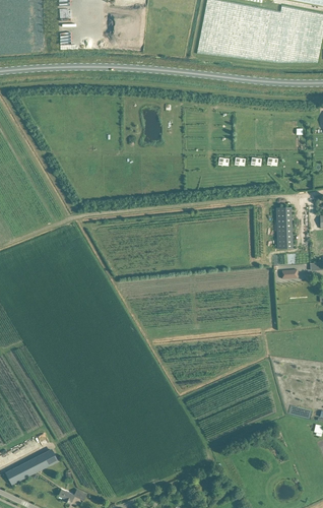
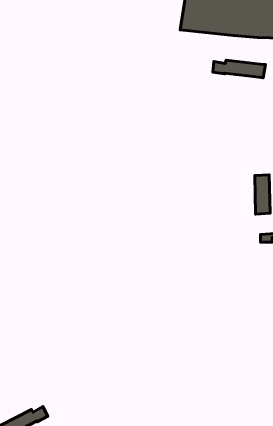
building: none -> [213,60,265,78]

